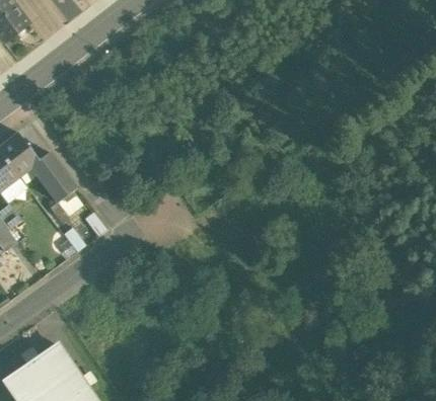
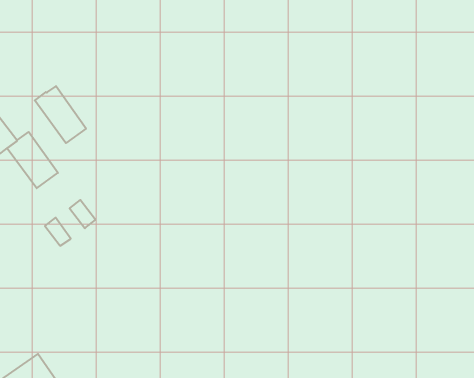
building: none -> [35,86,86,143]

